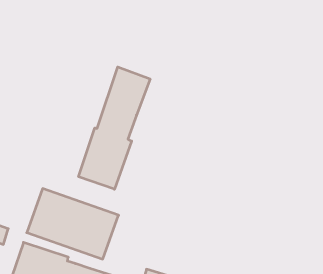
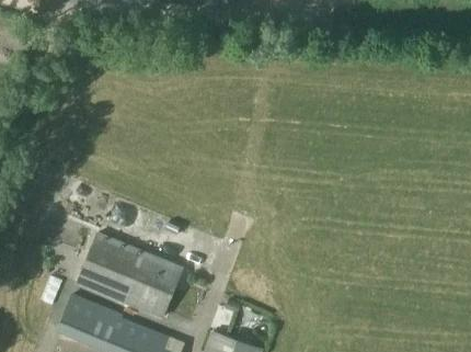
building: [79,67,150,189] -> none

